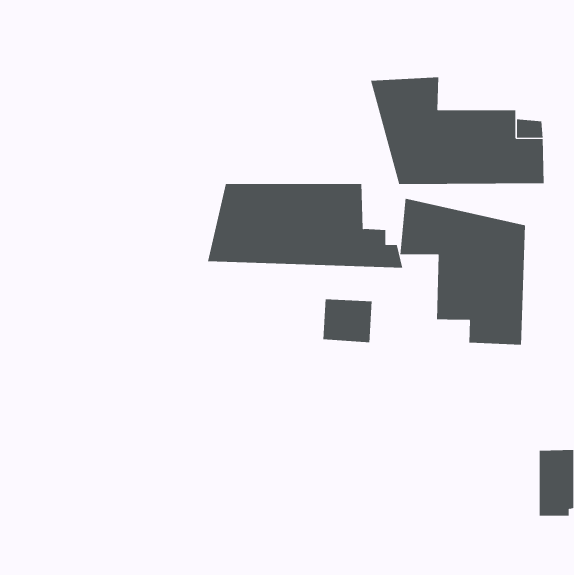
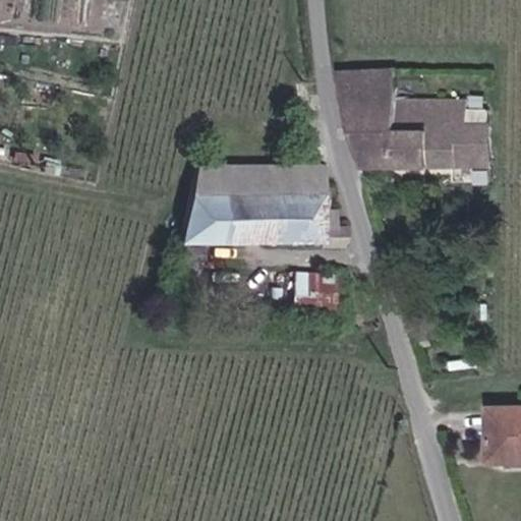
building: [400,198,526,346] -> none

